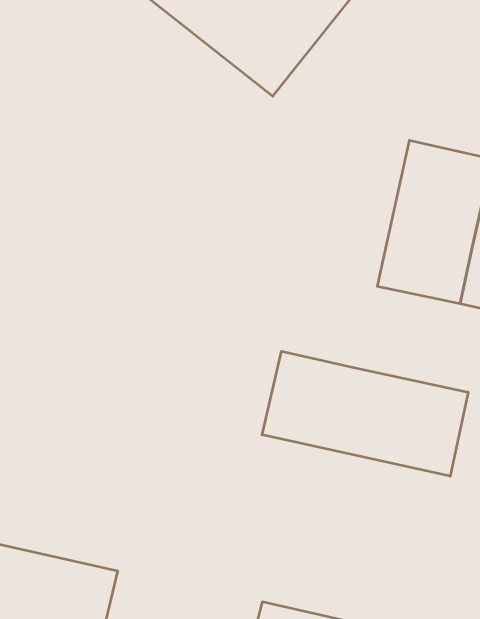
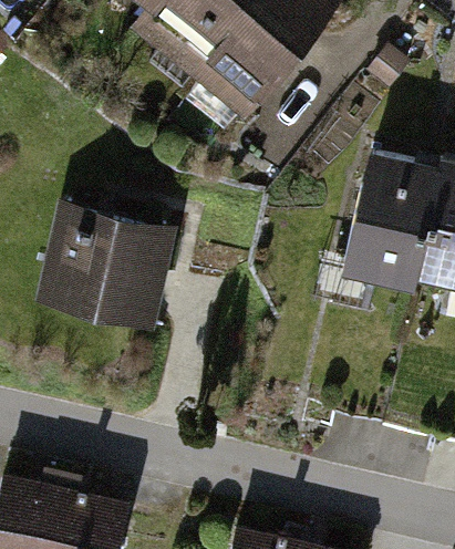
building: none -> [41,207,176,332]
building: [262,351,468,476] -> none

